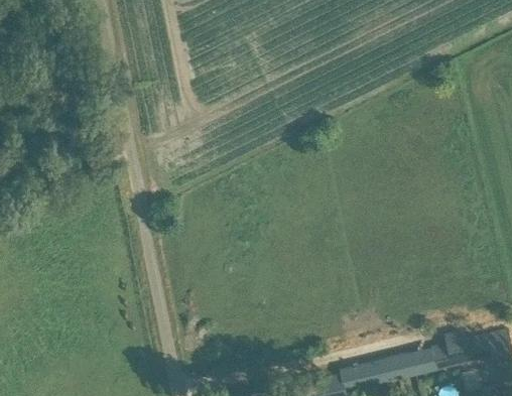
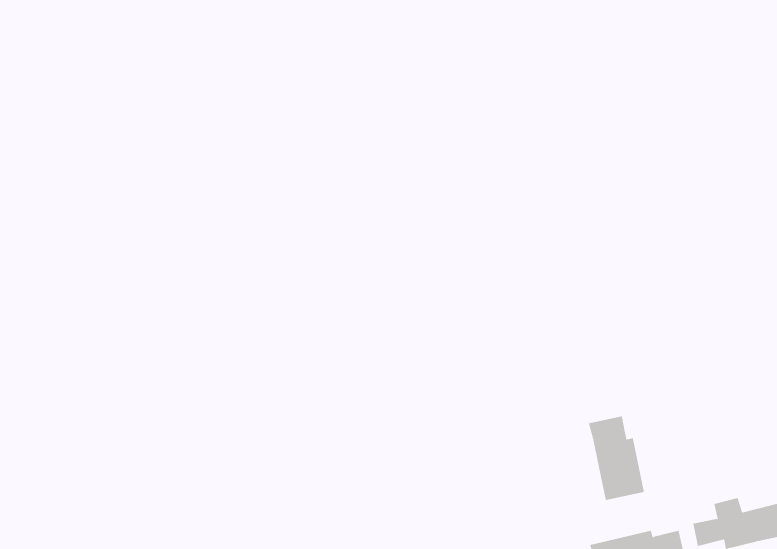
building: none -> [588,415,644,501]

